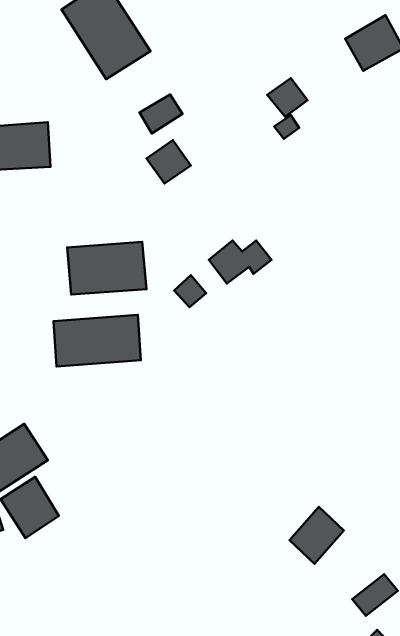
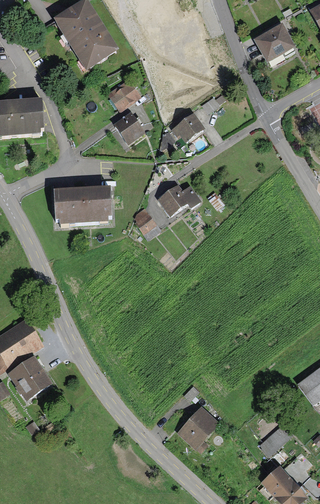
building: [267,78,308,117] -> [173,115,202,143]
building: [53,315,141,367] -> none
building: [290,507,344,564] -> [178,408,217,449]

